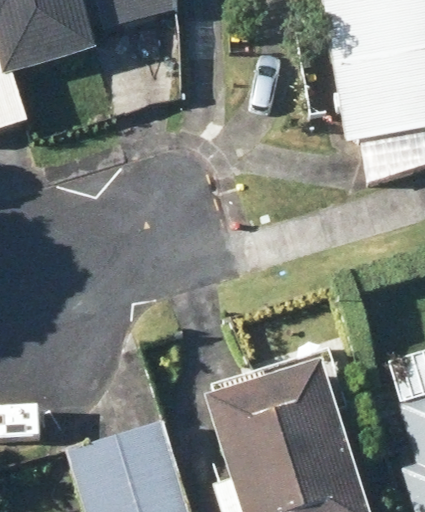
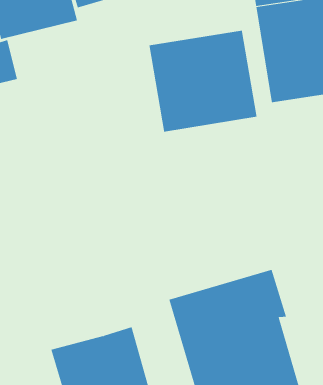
building: none -> [149,30,257,132]

